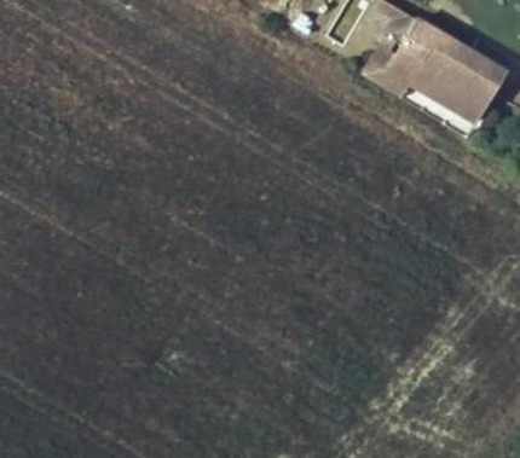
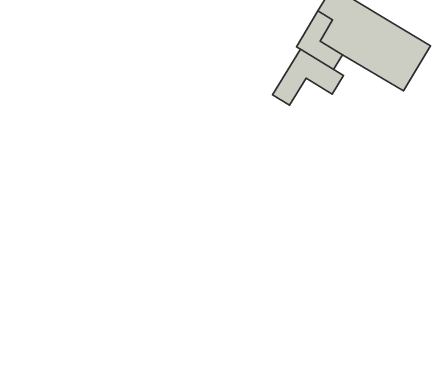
building: none -> [272,49,343,105]

